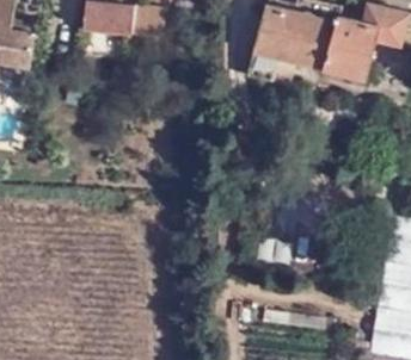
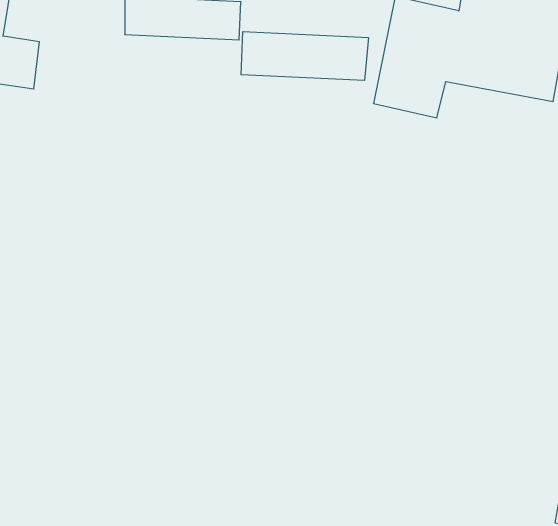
building: none -> [241,32,368,80]

